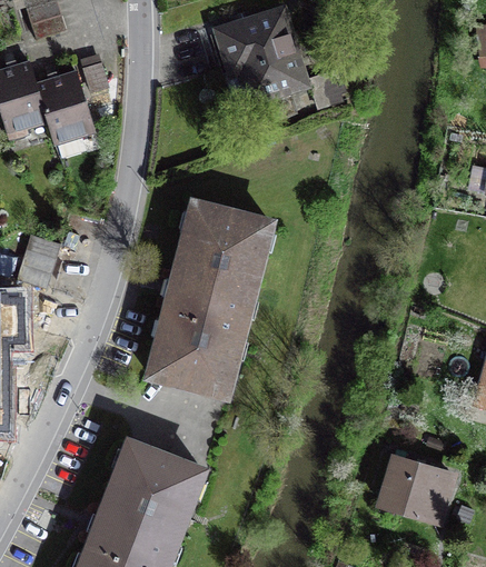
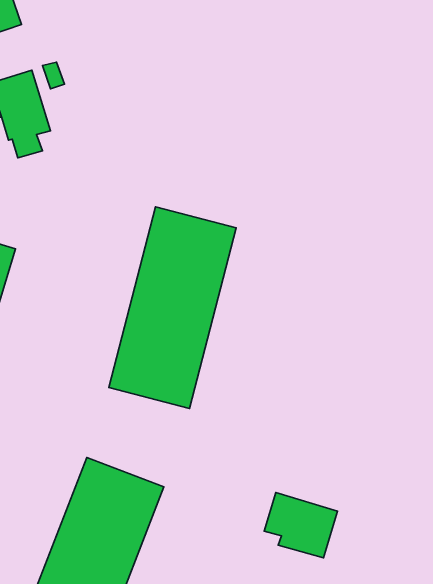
building: [214,10,302,94] -> none
building: [381,456,452,518] -> [264,493,338,558]

